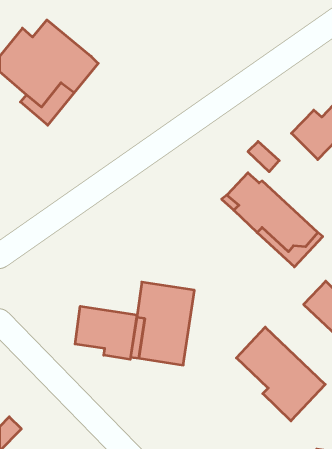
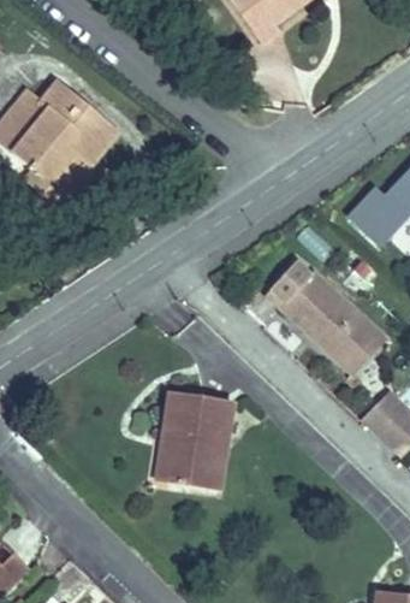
building: [75,306,137,359] -> none
building: [236,327,325,421] -> none

